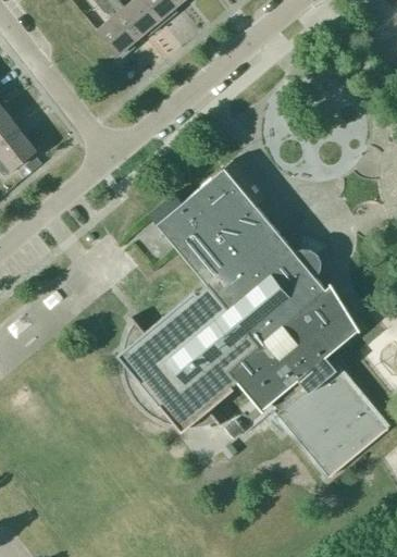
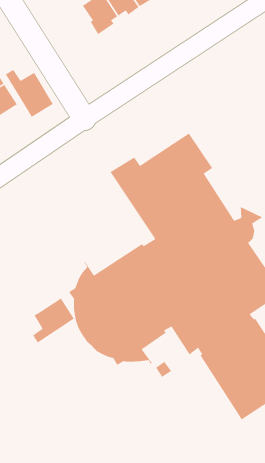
building: none -> [5,69,54,118]
building: none -> [32,298,75,343]

